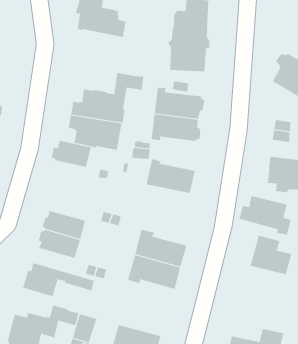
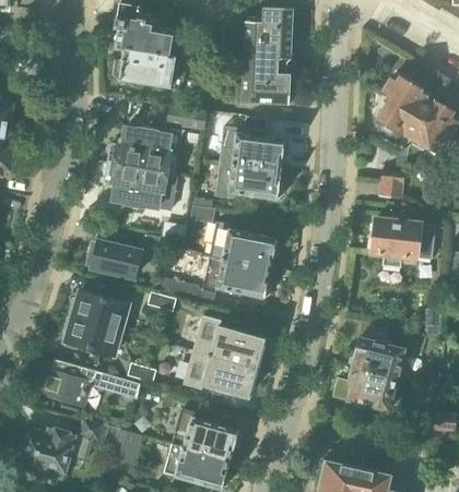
building: none -> [114,48,186,88]
building: [51,140,91,168] -> [86,241,141,278]
building: none -> [161,256,269,307]
building: [239,195,291,235] -> [332,365,403,419]
building: none -> [172,415,238,459]

